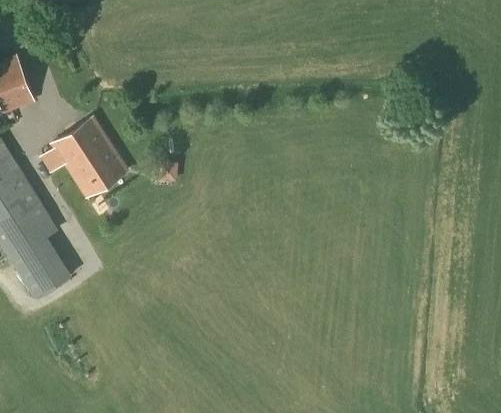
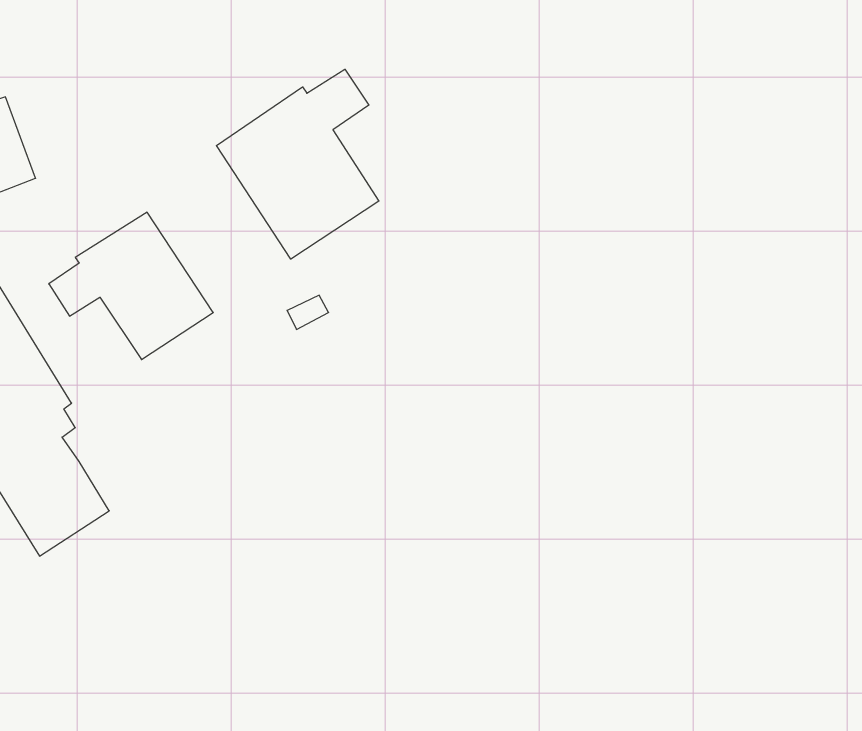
building: none -> [216,69,379,259]

